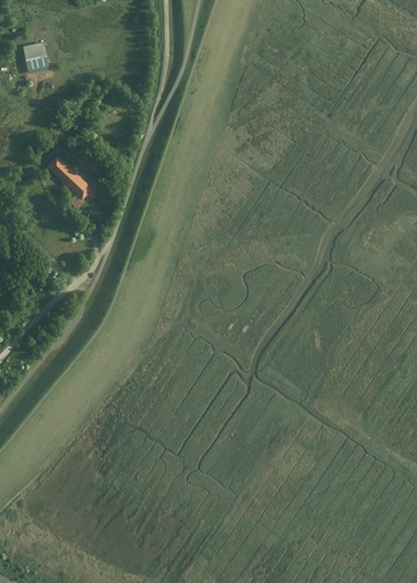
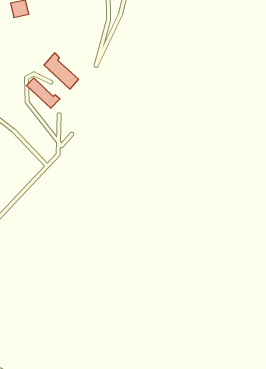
building: none -> [44,53,78,89]

